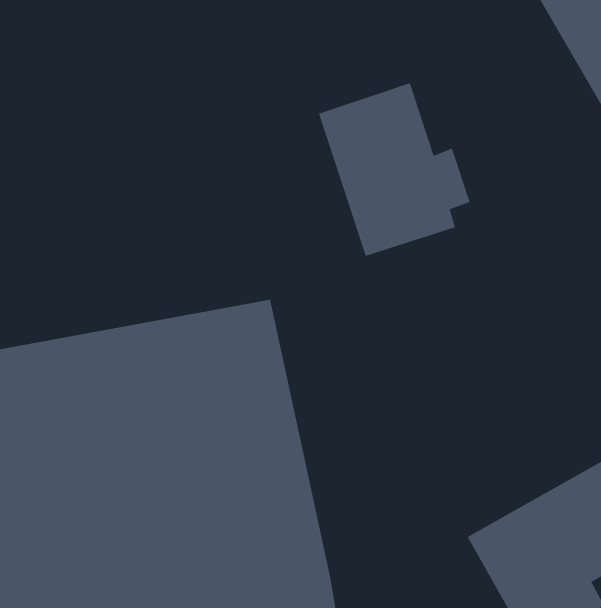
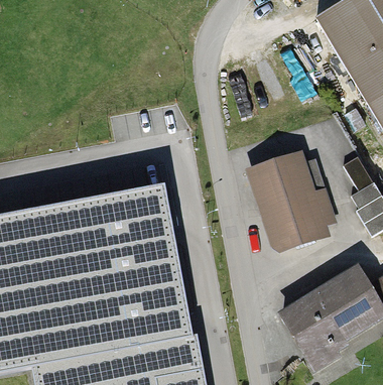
building: [318,83,470,257] -> [249,145,334,242]

